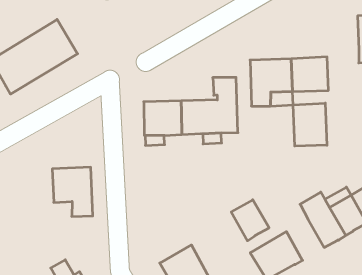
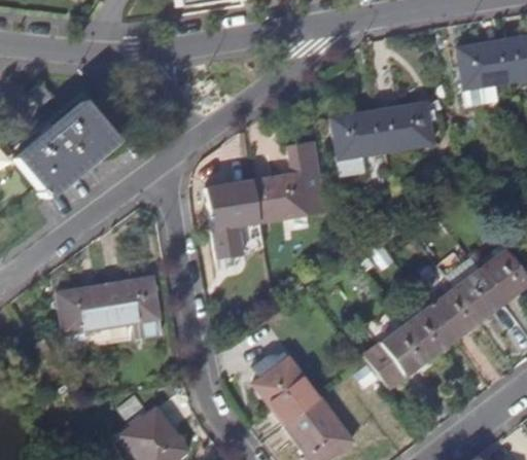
building: [293,103,327,146] -> none
building: none -> [59,285,113,333]
building: [231,200,269,241] -> [406,306,455,357]

